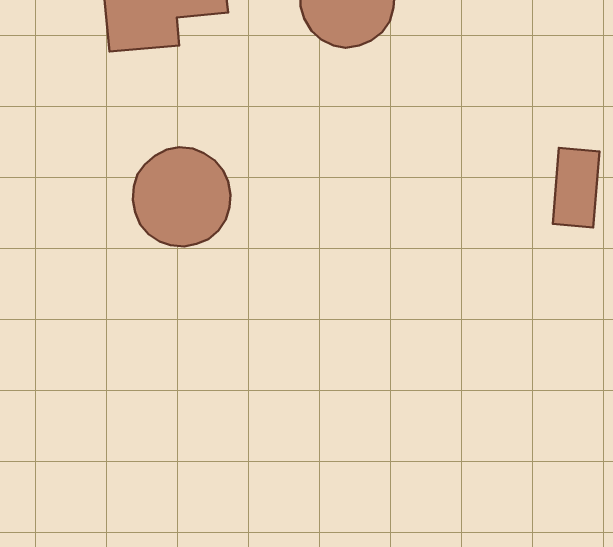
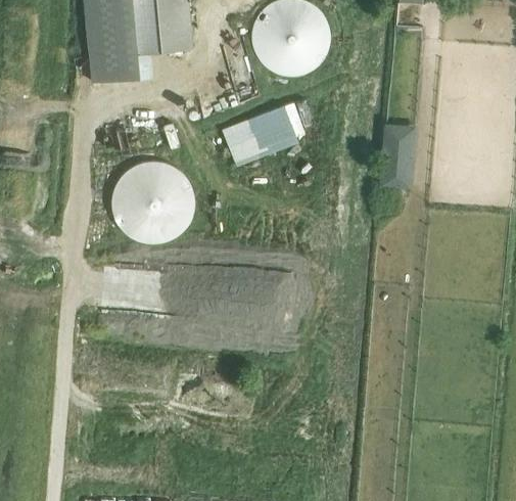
building: none -> [222,102,306,167]
building: [553,148,599,227] -> [379,123,418,189]

